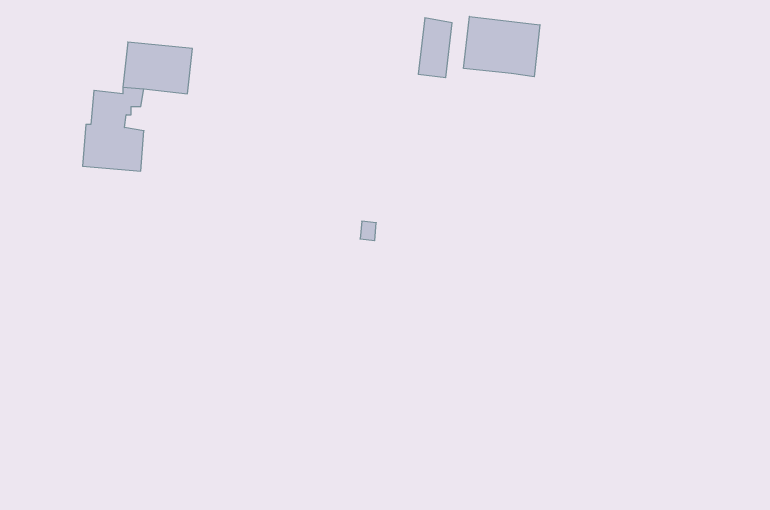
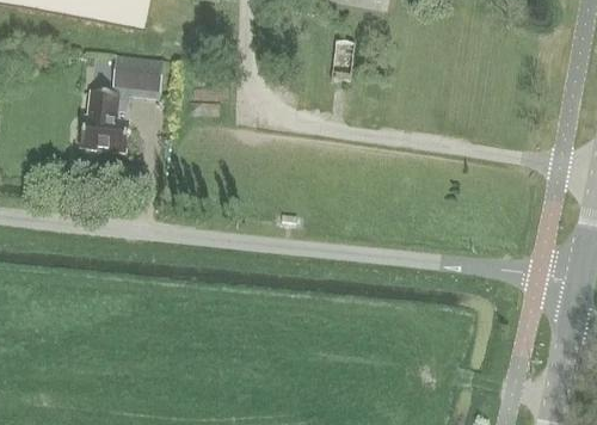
building: [464,16,540,77] -> none

